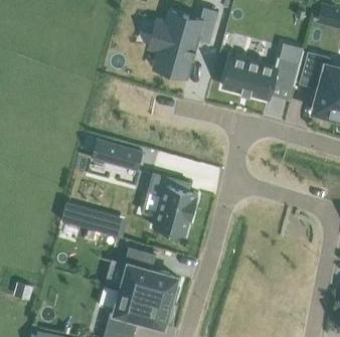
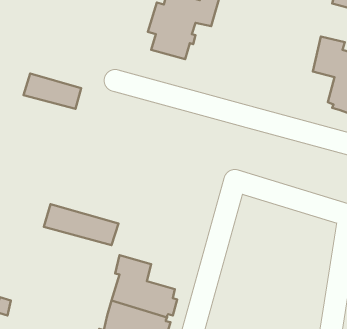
building: [222,50,303,100] -> none
building: [91,140,142,171] -> [23,74,81,109]
building: [148,174,196,236] -> none

